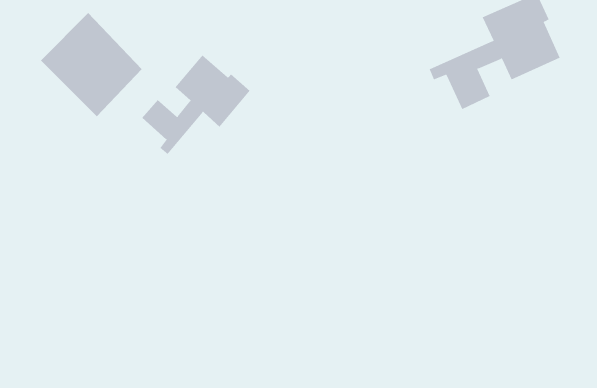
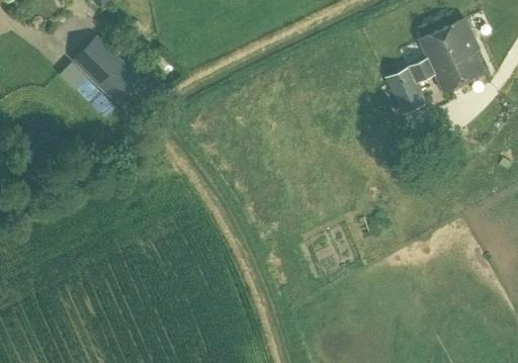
building: [141,54,251,155] -> none

